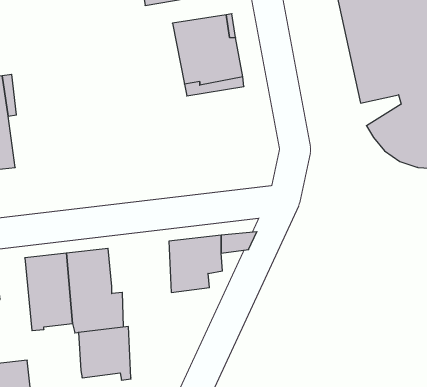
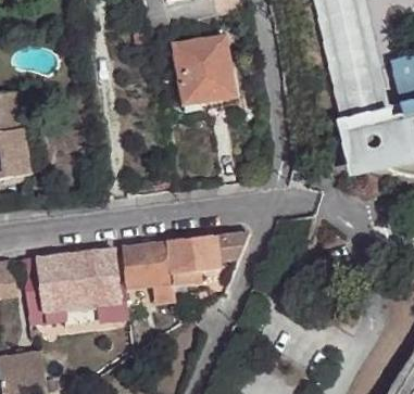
building: [78,327,131,380] -> [121,242,168,291]

